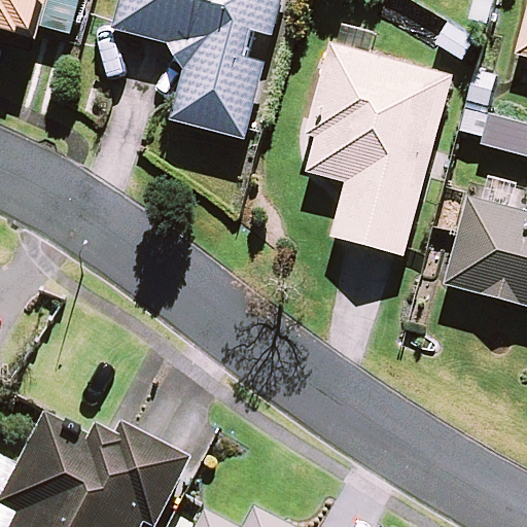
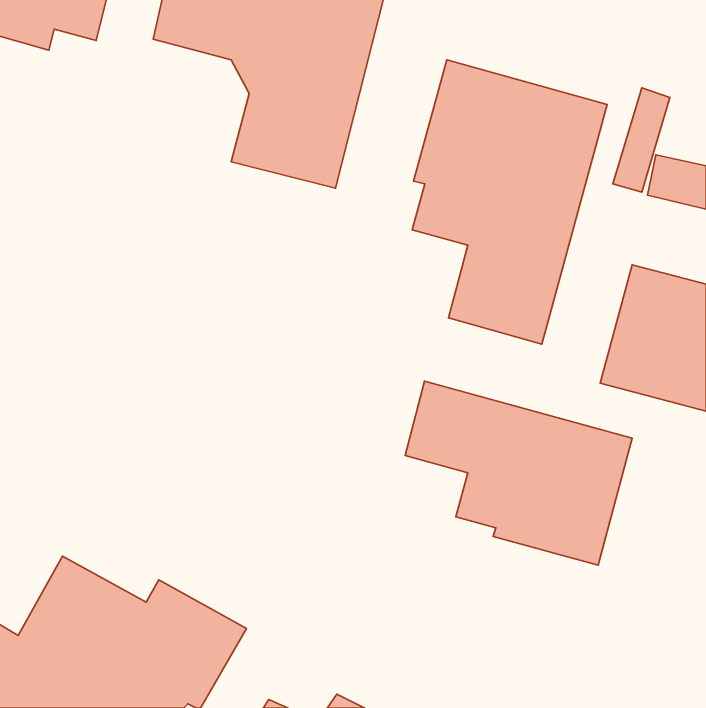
building: none -> [405,381,632,565]

